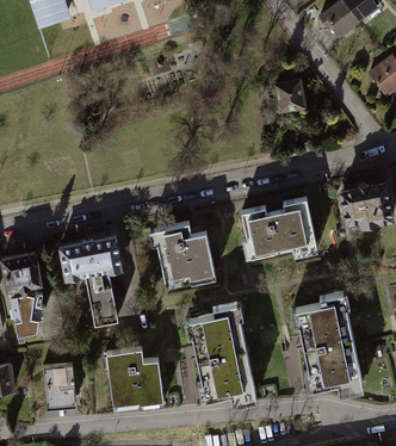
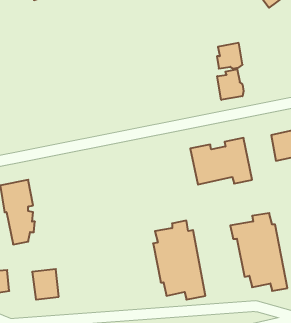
building: none -> [217,69,244,100]
building: [149,223,215,287] -> none
building: [61,239,120,323] -> none
building: [106,349,162,407] -> none

